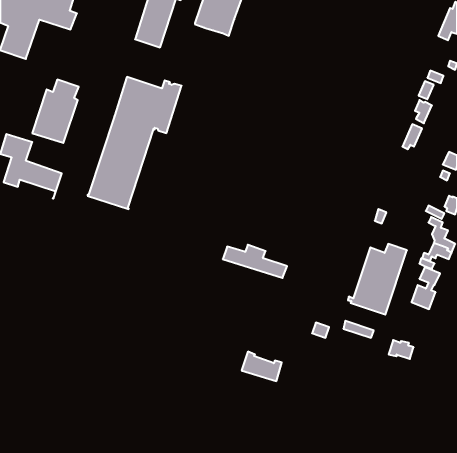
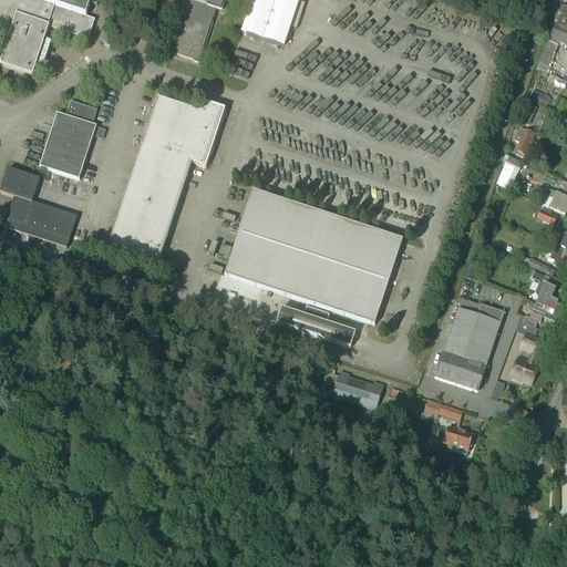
building: none -> [225,188,402,322]
building: [389,340,414,359] -> [442,425,473,449]
building: [242,352,282,381] -> [332,370,382,406]

